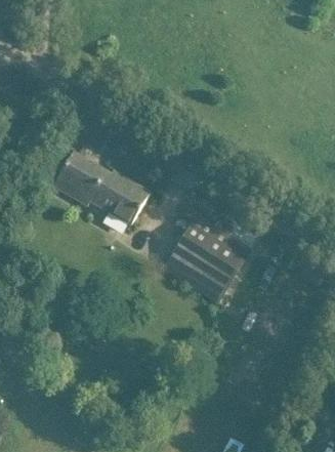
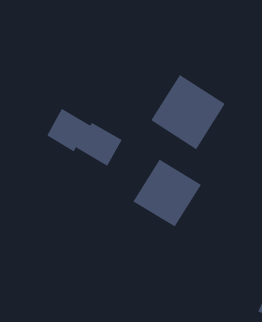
building: none -> [150,74,225,150]

